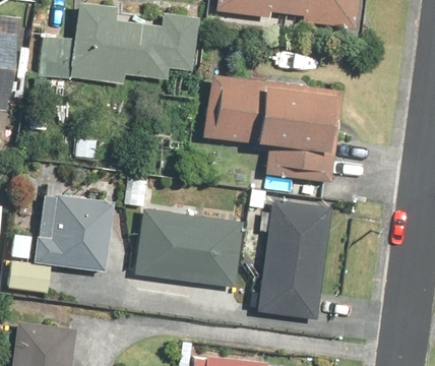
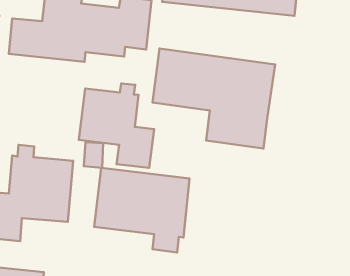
building: none -> [79,84,154,168]
building: [259,201,330,319] -> none

